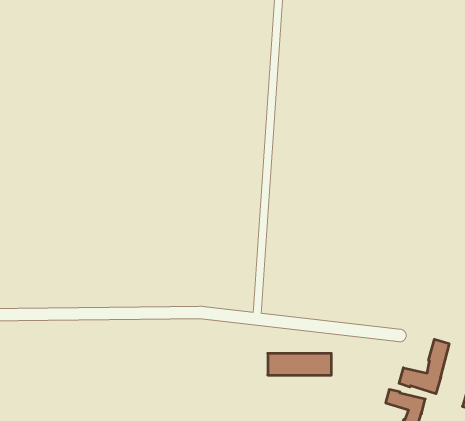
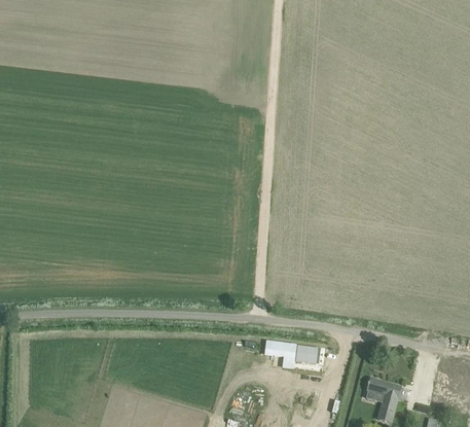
building: [399,339,449,394] -> none

